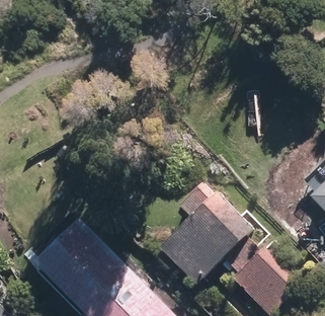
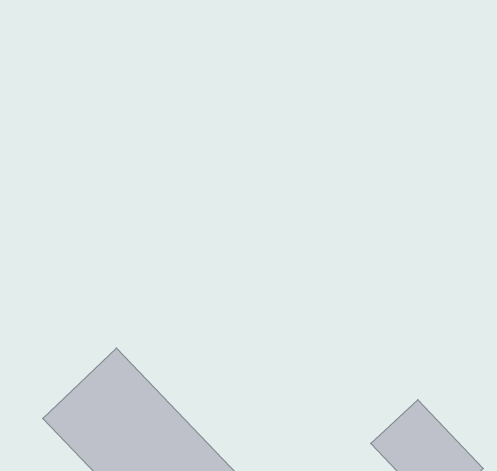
building: [169,207,246,284] -> none

